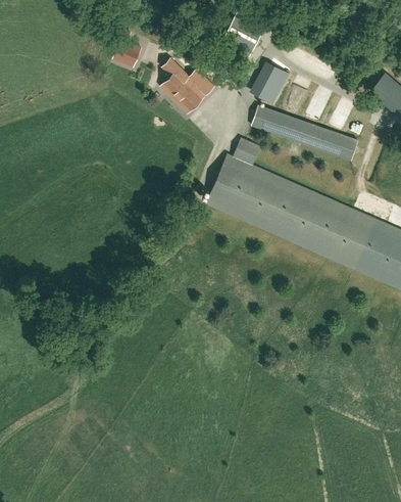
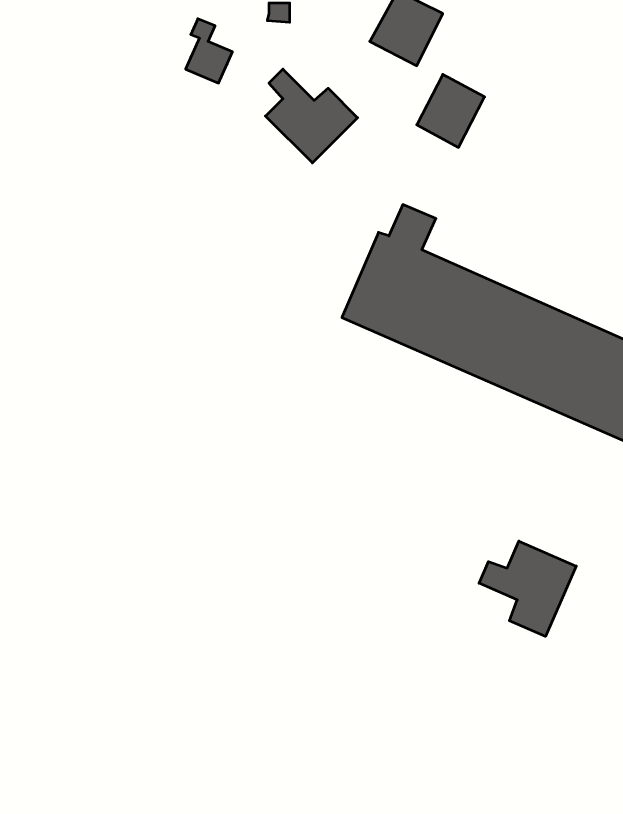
building: [253,106,359,161] -> none
building: none -> [479,541,576,636]

